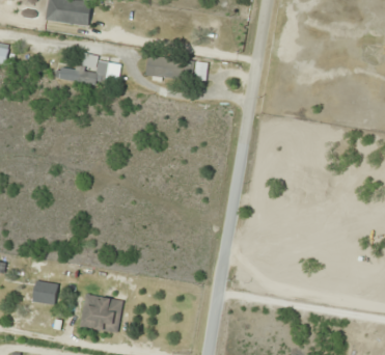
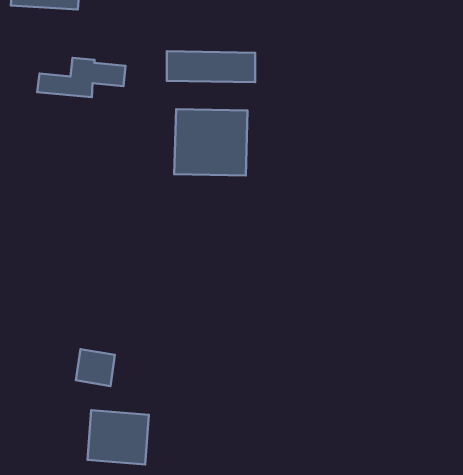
building: none -> [174,109,248,175]
building: [31,279,58,305] -> [76,349,115,386]

